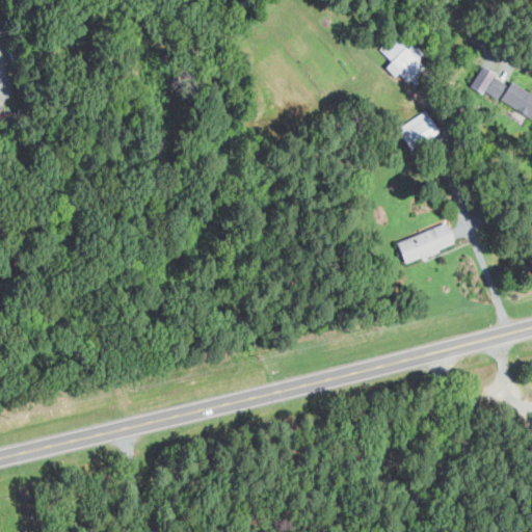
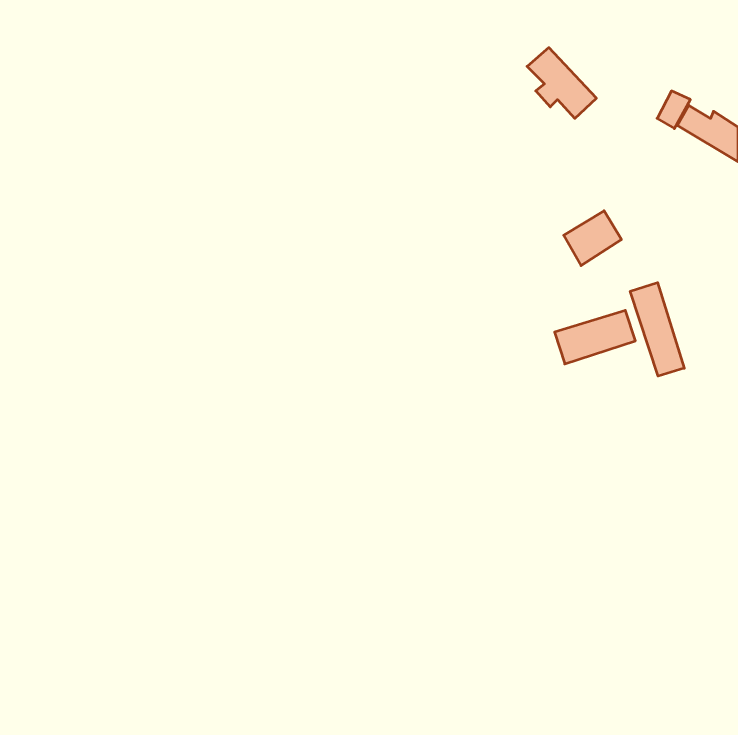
building: [399,111,441,151] -> [564,211,621,266]
building: none -> [630,283,684,376]

